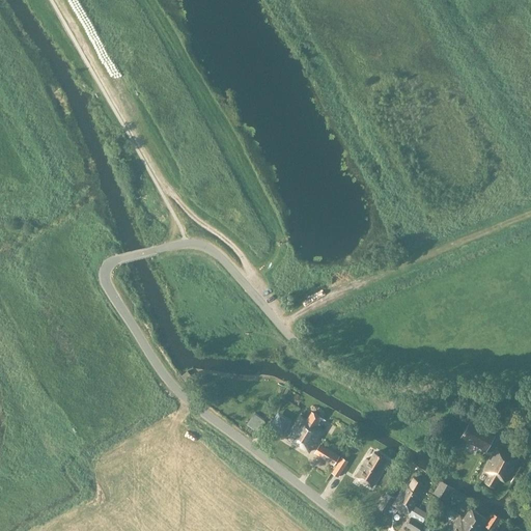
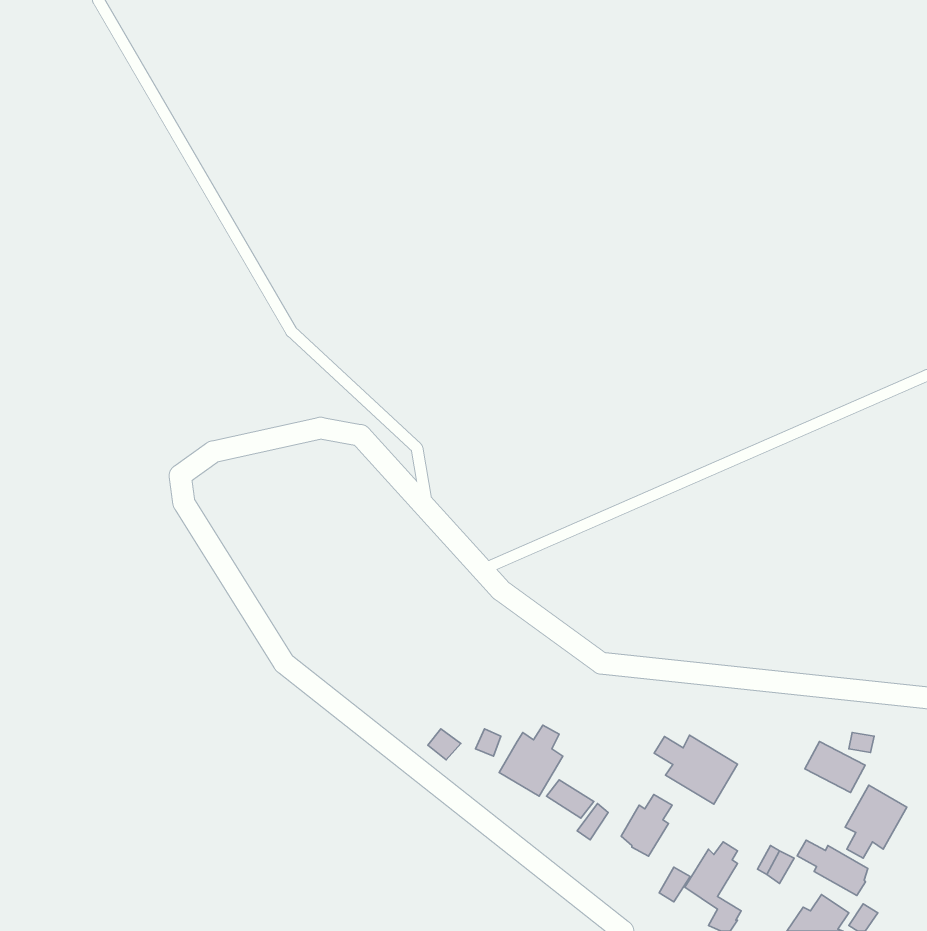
building: none -> [654,735,737,804]
building: none -> [797,840,868,896]

